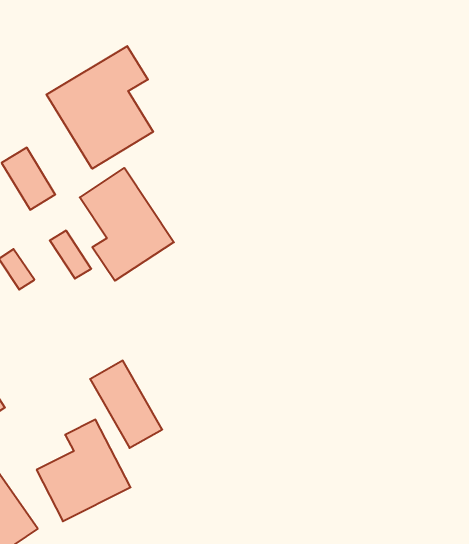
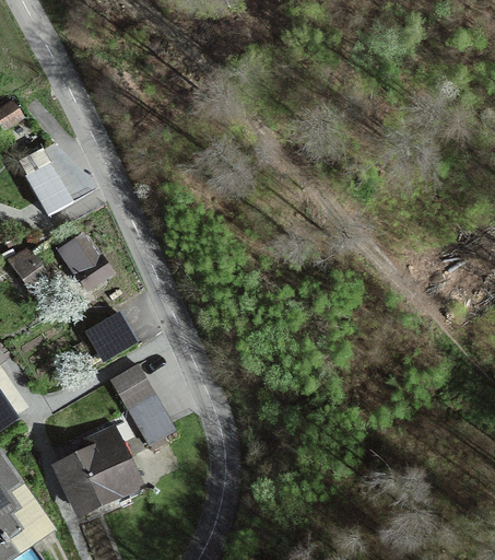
building: [46,46,153,169] -> none
building: [80,168,174,281] -> none
building: none -> [92,308,134,352]

